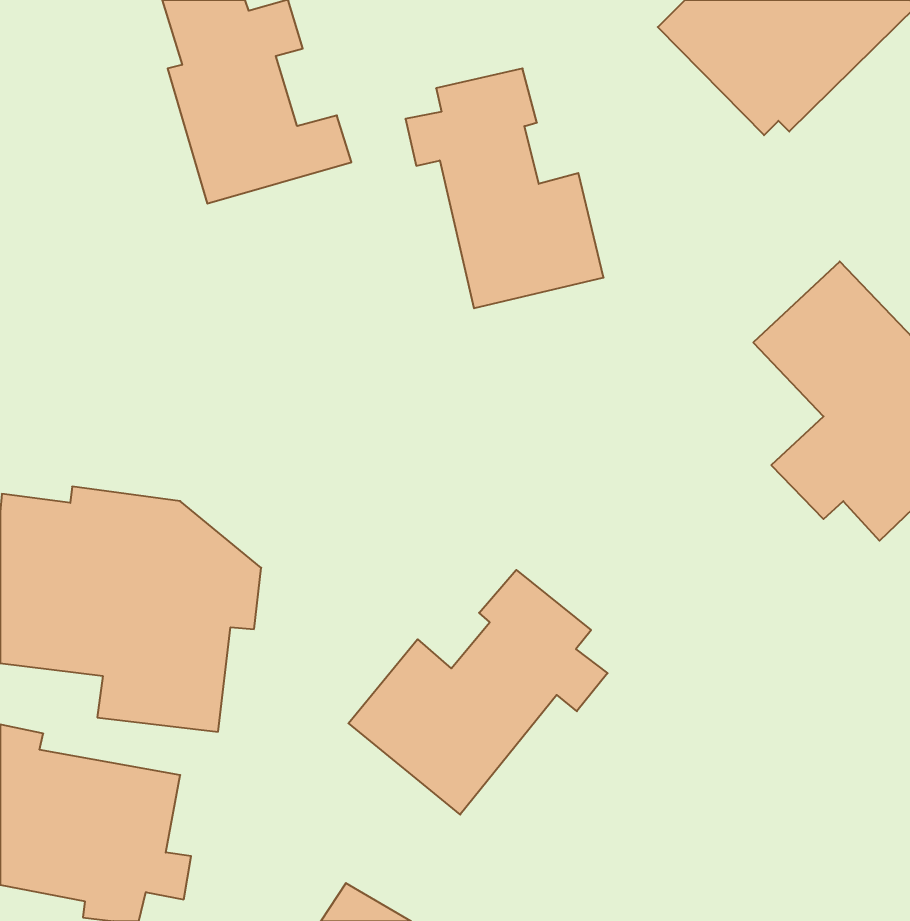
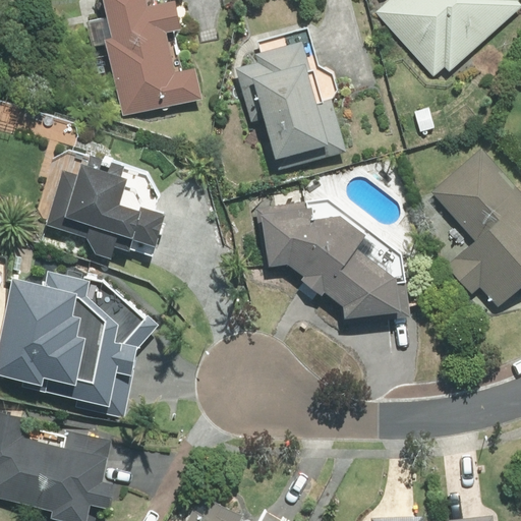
building: none -> [45,156,163,254]
building: none -> [259,198,395,316]
building: [348,570,608,815] -> none

